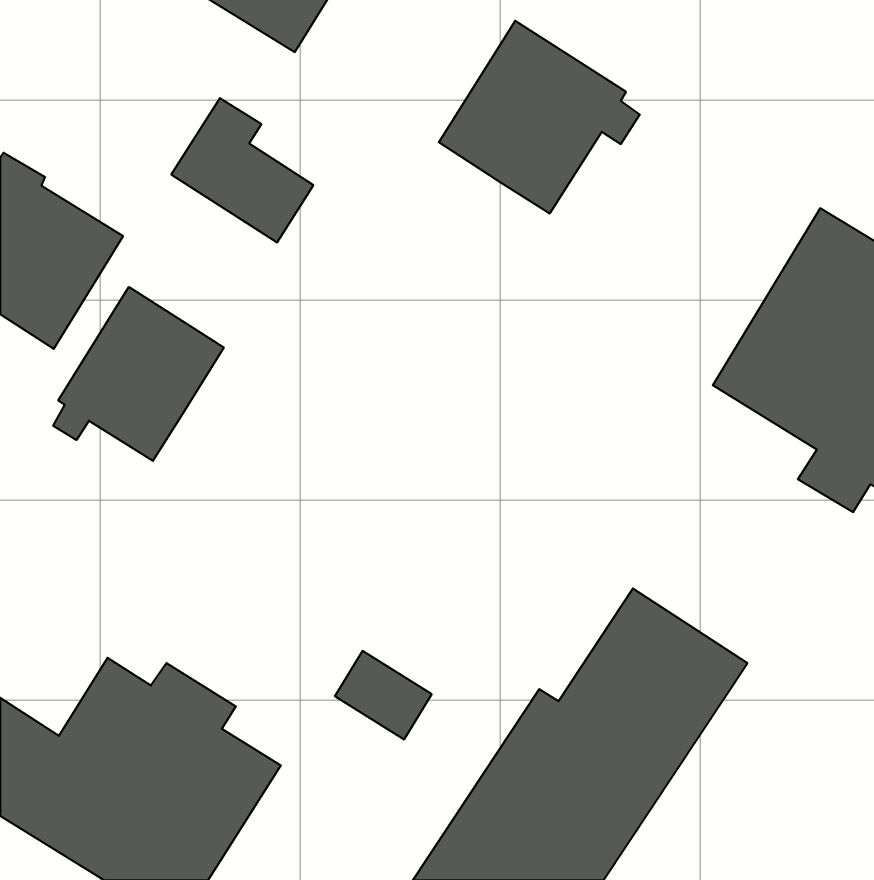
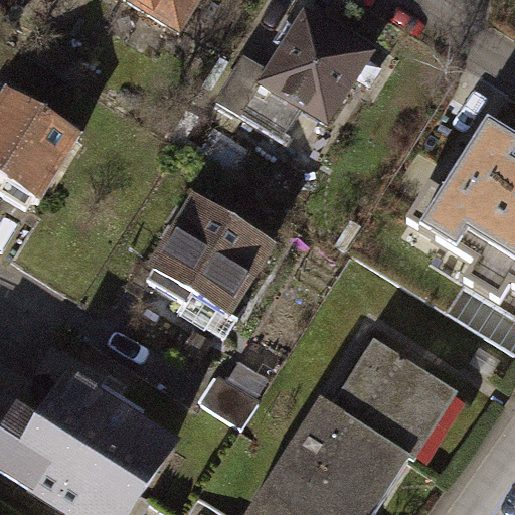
building: [171,98,313,242] -> [216,56,299,140]
building: [53,287,224,461] -> none
building: none -> [147,201,270,316]

